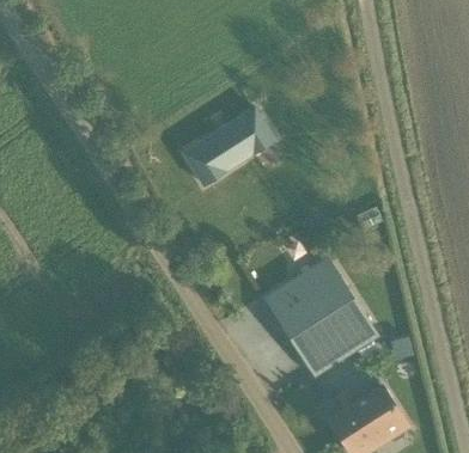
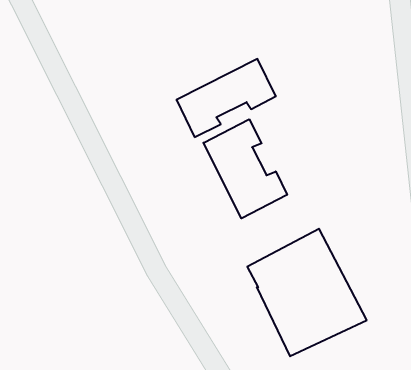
building: none -> [203,119,287,218]

